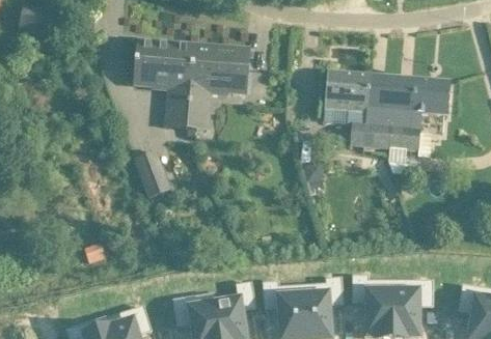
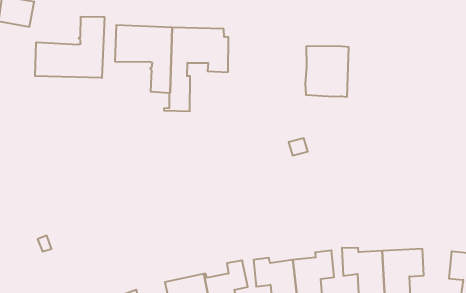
building: none -> [35,17,104,78]
building: [362,76,449,164] -> none
building: [134,152,169,199] -> none

